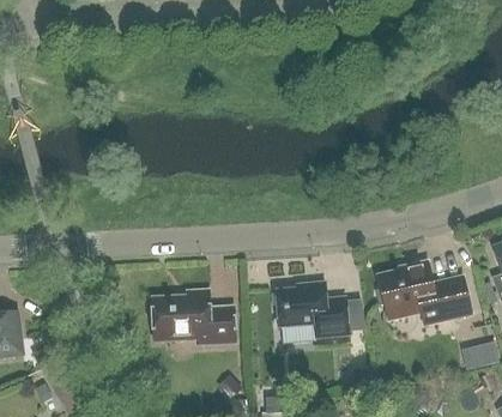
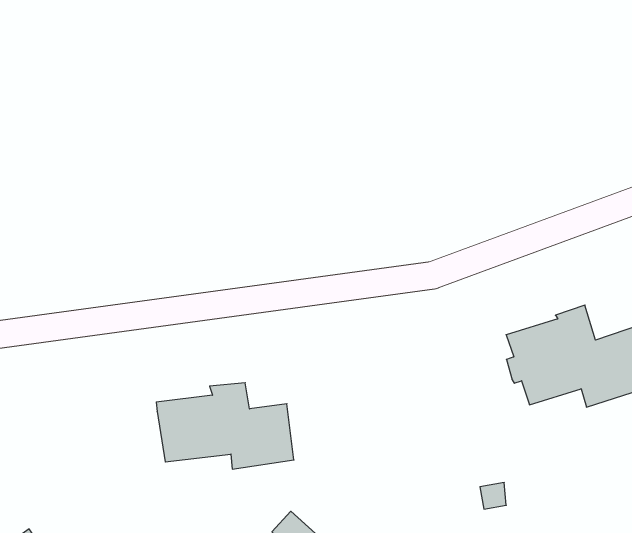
building: [276,282,350,338] -> none

